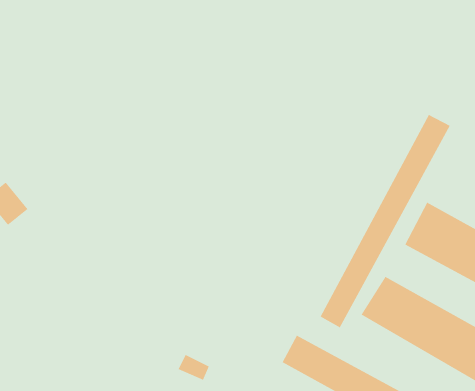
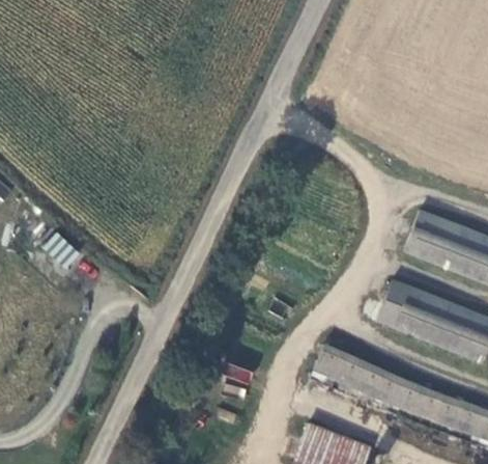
building: [319,114,451,328] -> none

